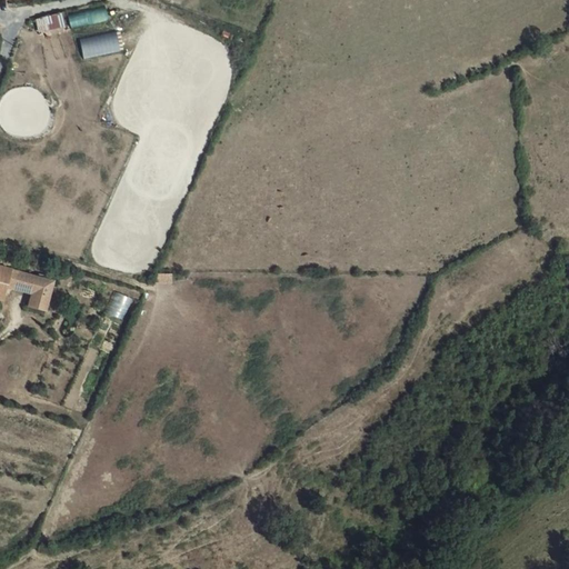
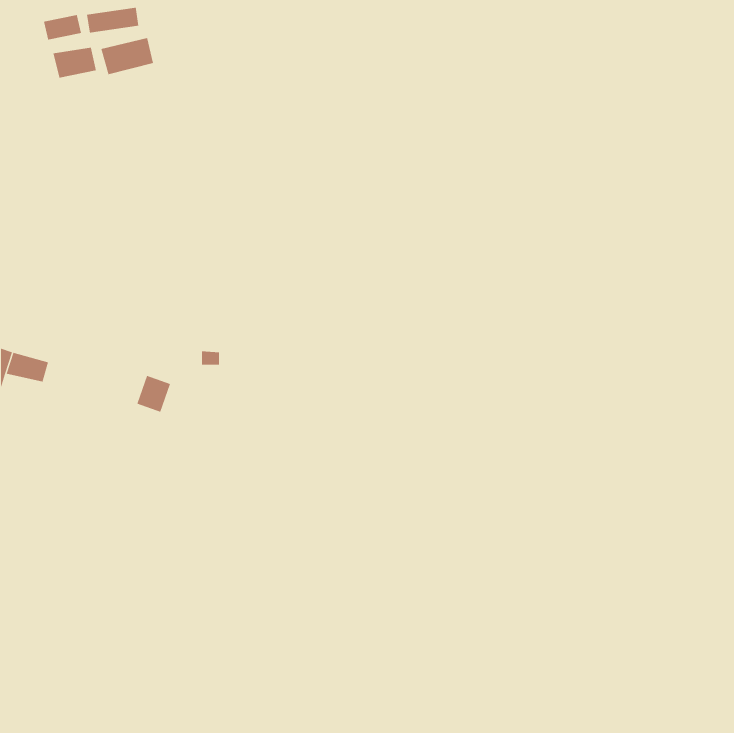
building: none -> [53,47,96,78]
building: [30,280,54,312] -> none

